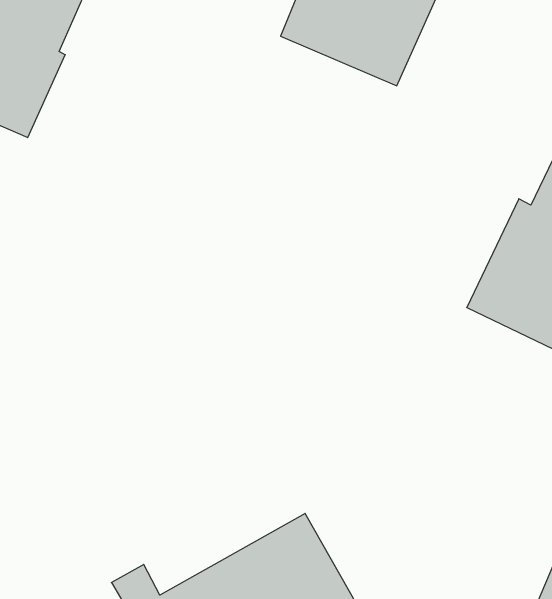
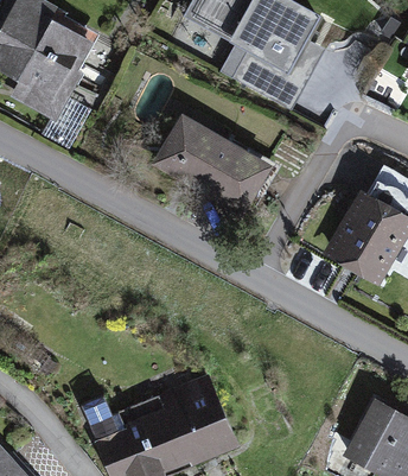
building: none -> [149,113,273,218]

